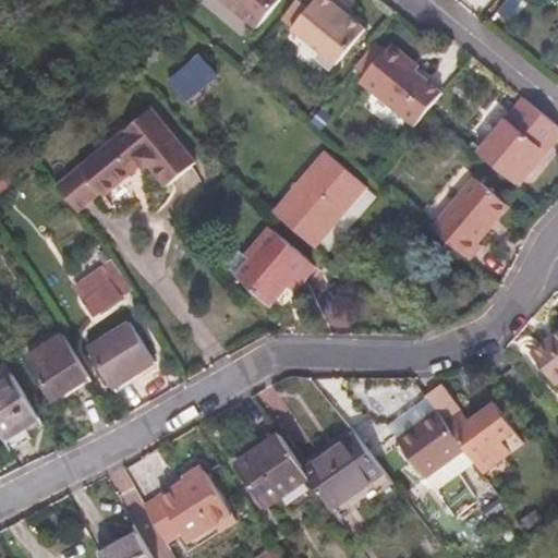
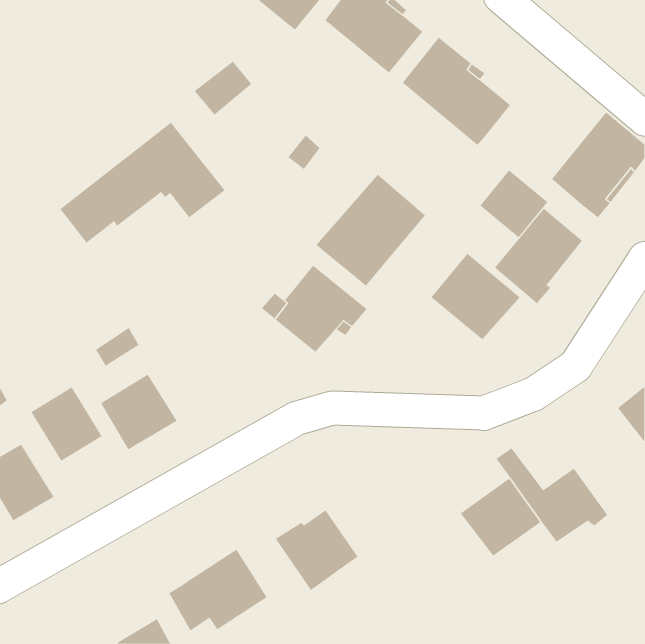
building: none -> [479,170,548,238]
building: none -> [431,253,521,340]
building: [303,430,397,511] -> none

